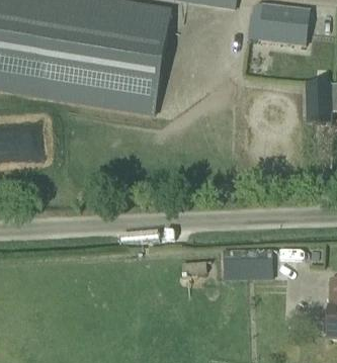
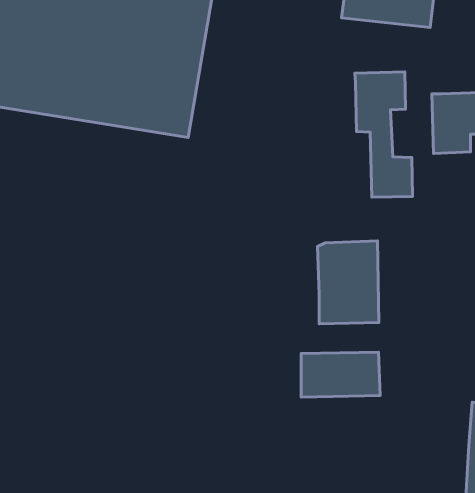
building: none -> [355,72,412,197]
building: none -> [318,241,379,324]

